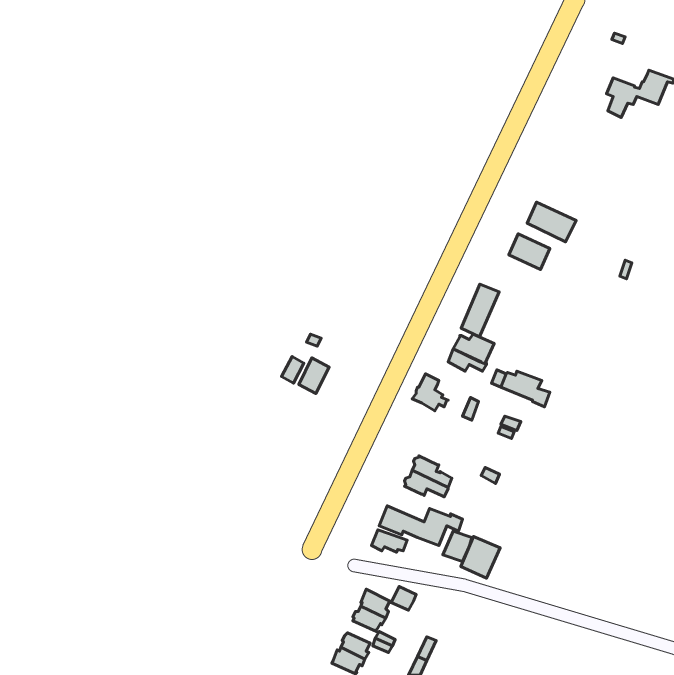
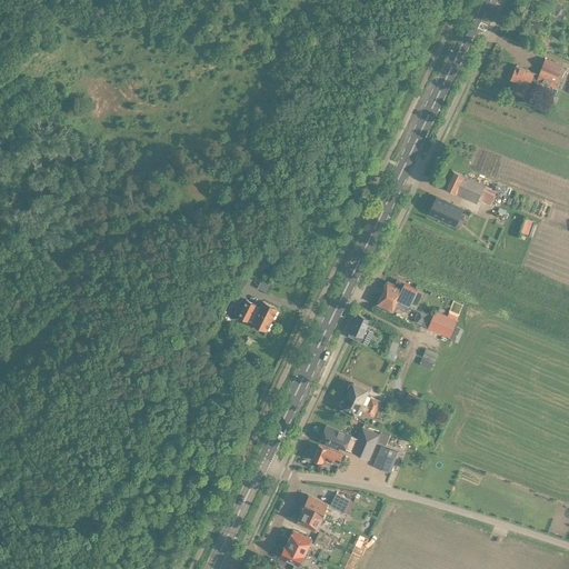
building: [461,284,499,337] -> none
building: [461,537,500,578] -> none

